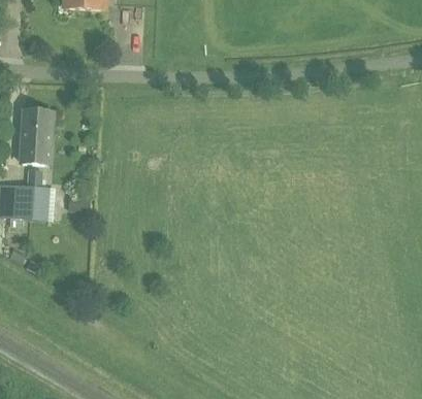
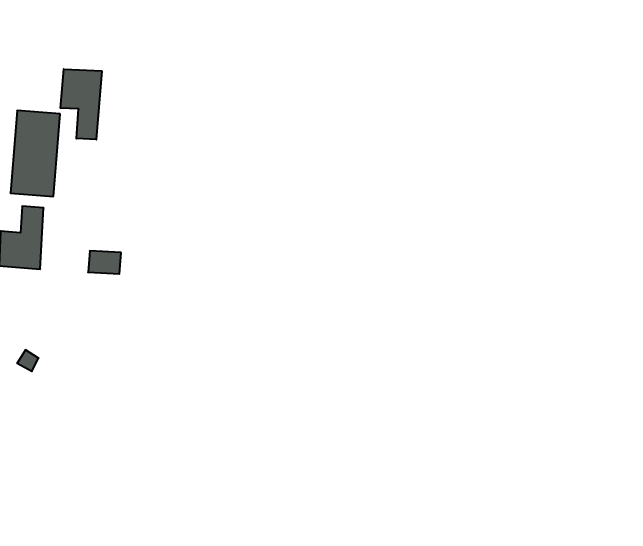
building: none -> [60,69,102,140]

